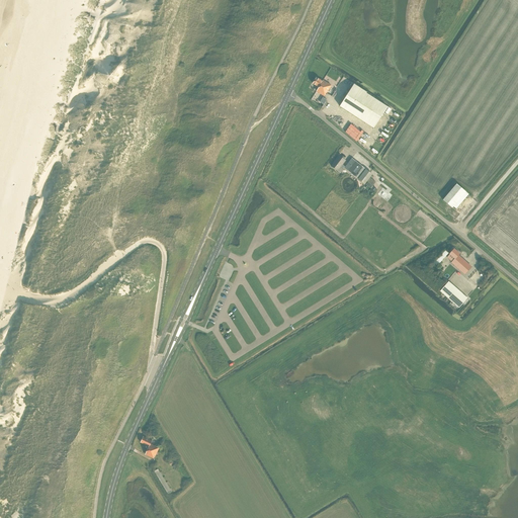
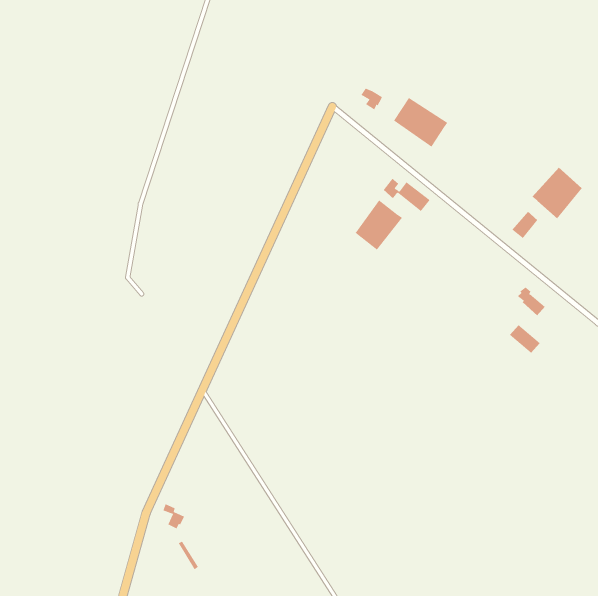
building: none -> [532,167,583,219]
building: none -> [355,200,403,250]

